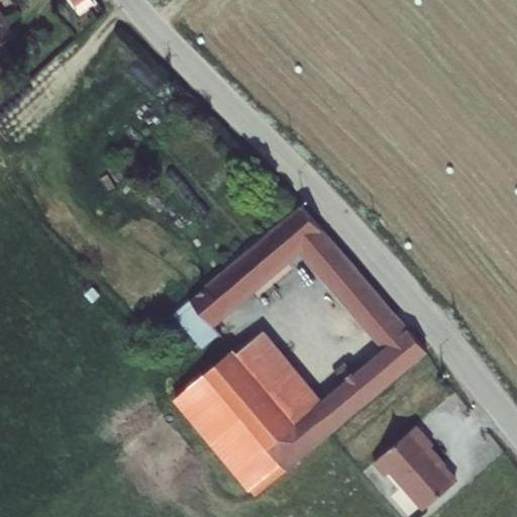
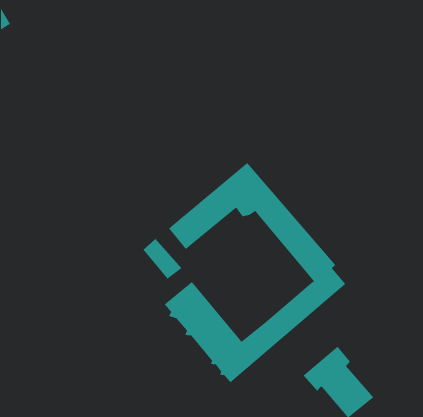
building: [234,329,322,423] -> none
building: [179,385,281,496] -> none

